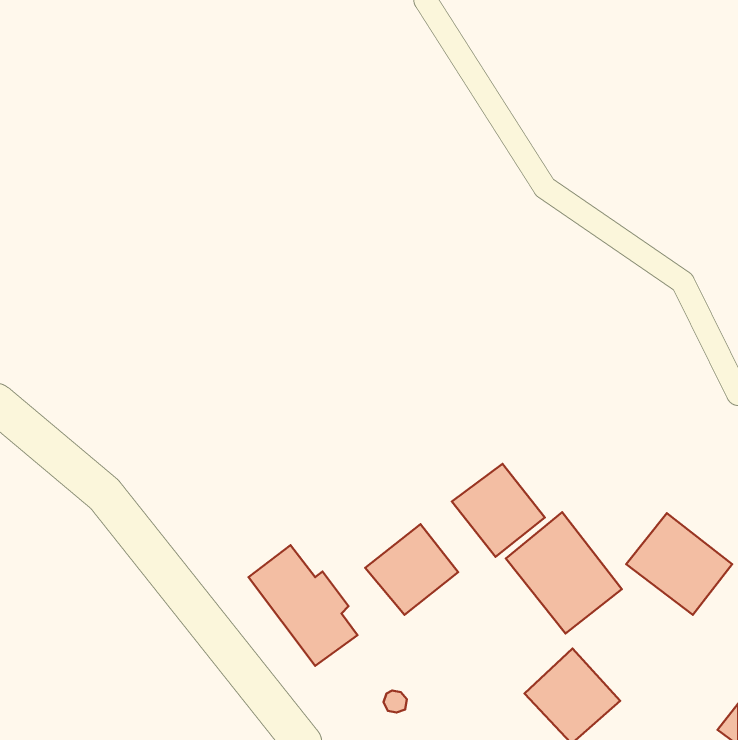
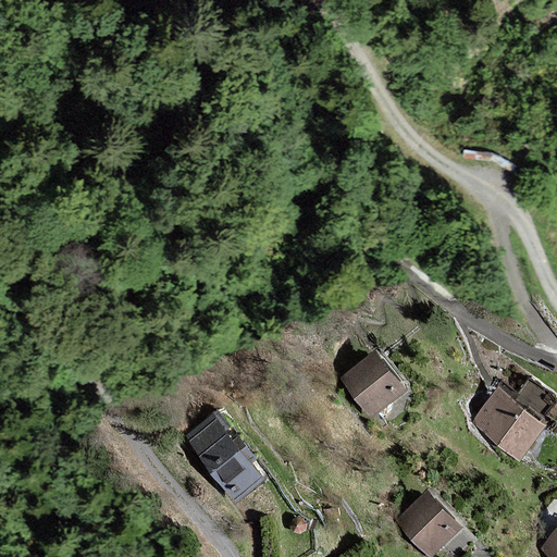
building: [506,512,622,633] -> none
building: [365,524,458,615] -> none

